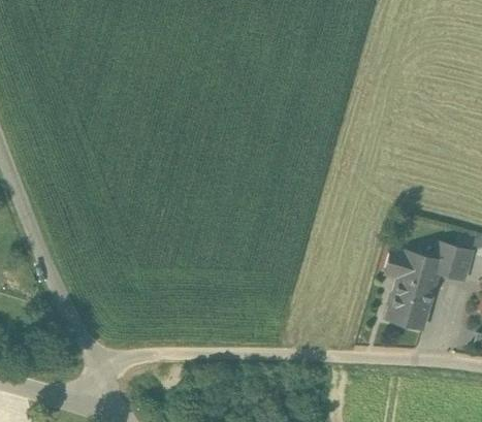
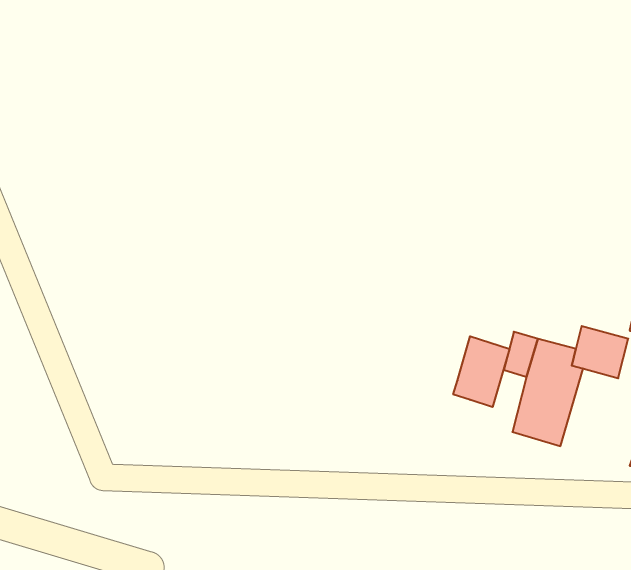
building: none -> [453,336,509,407]

